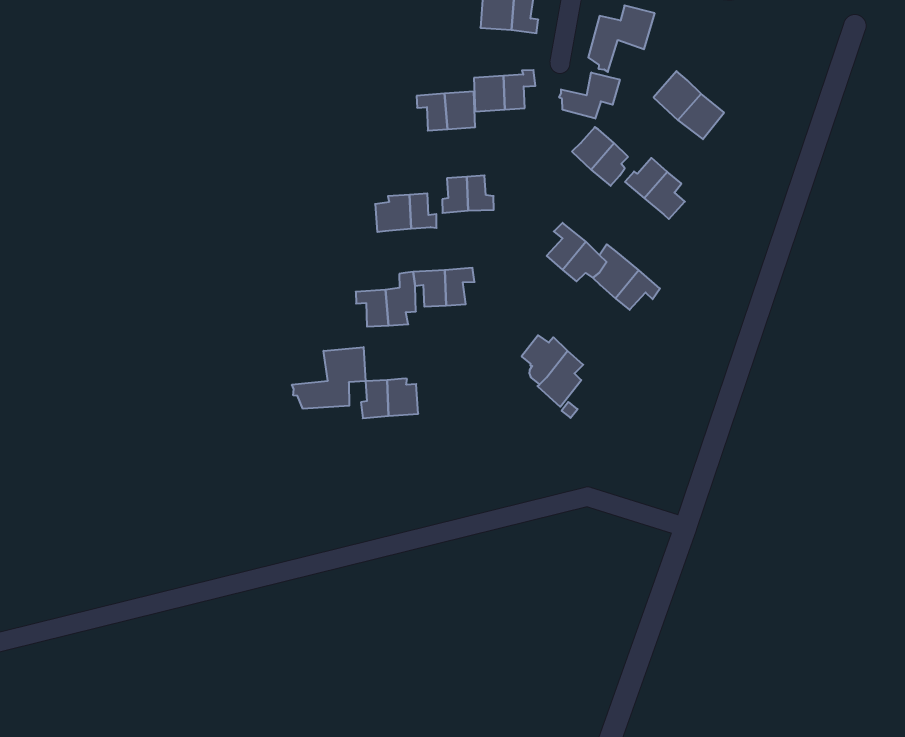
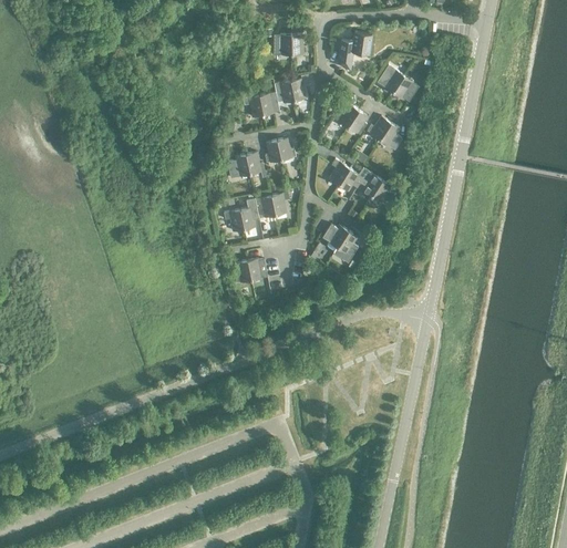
building: [559,72,620,119] -> none
building: [292,347,366,409] -> none

